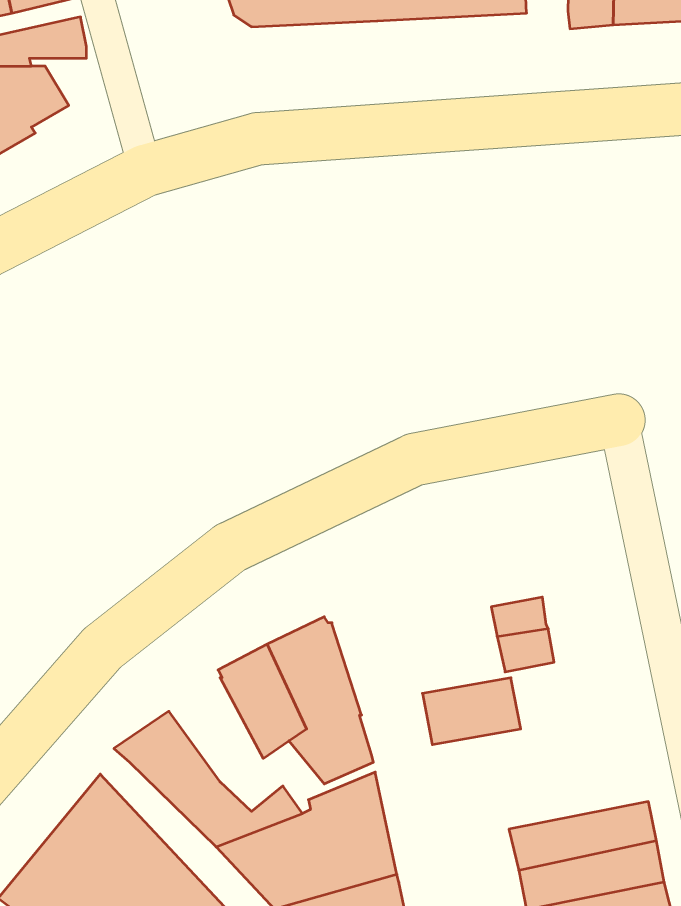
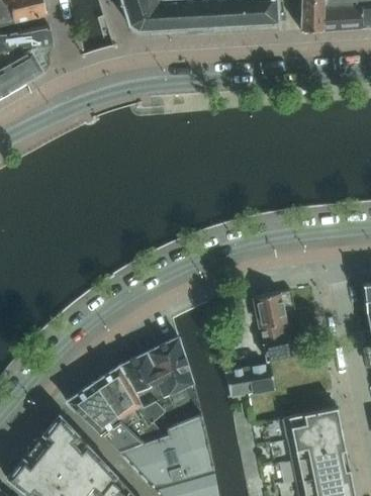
building: none -> [255,290,295,328]
building: none -> [95,365,166,433]
building: none -> [266,407,342,442]

